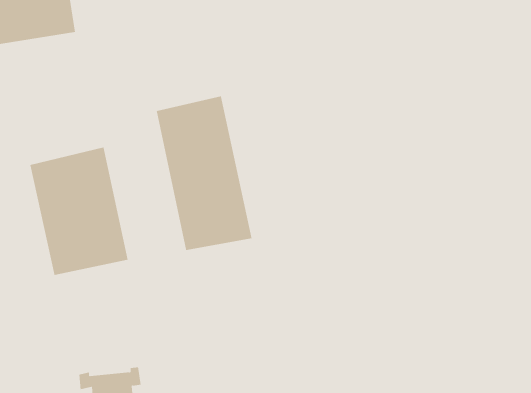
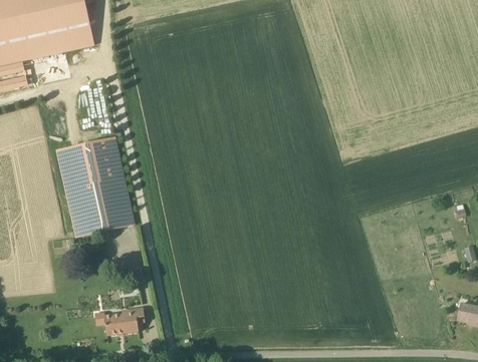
building: [156,96,252,251] -> none

